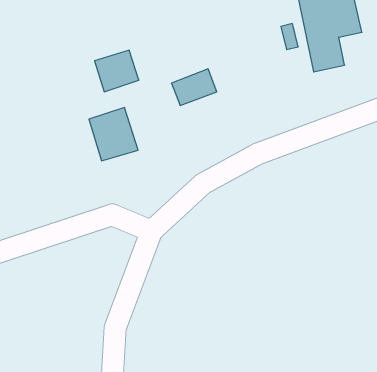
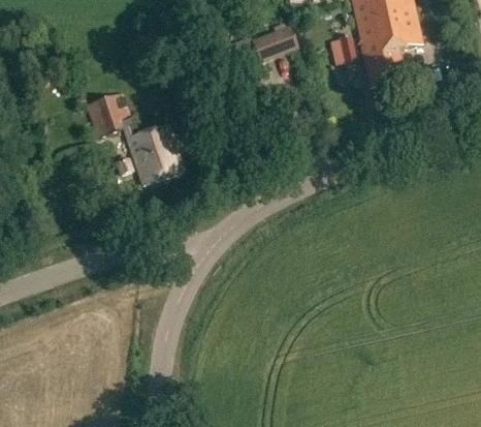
building: [95,50,139,92] -> [85,91,132,135]
building: [171,69,217,105] -> [251,22,299,61]

